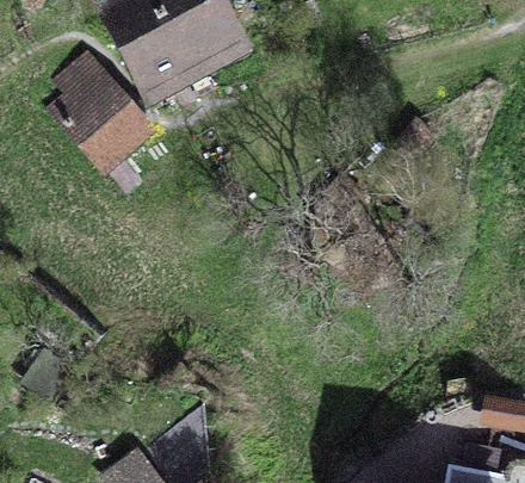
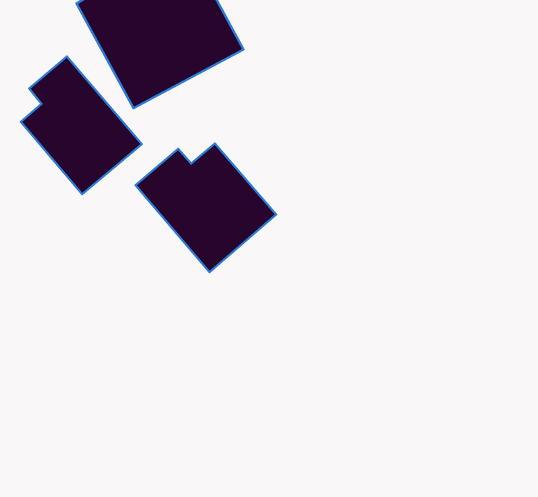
building: none -> [136,143,276,272]

